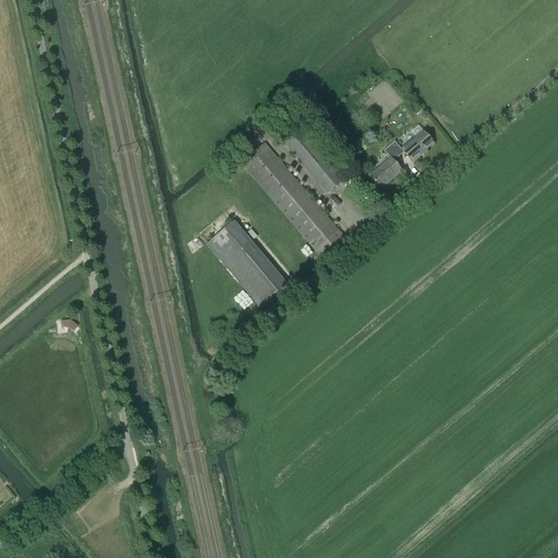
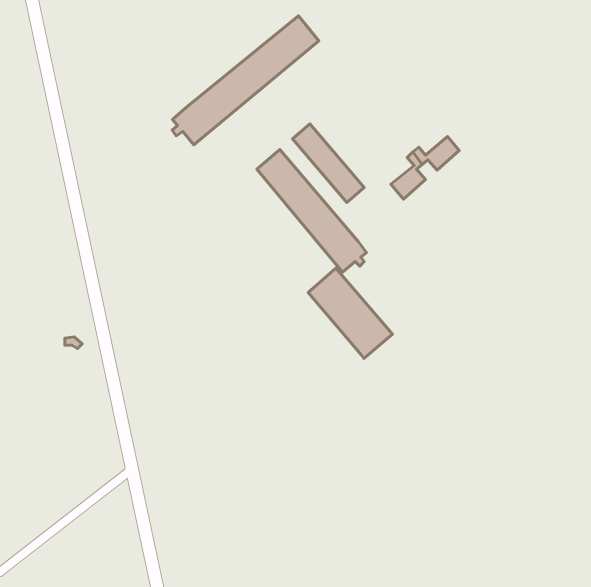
building: none -> [172,16,319,145]
building: [207,219,287,304] -> [308,268,393,359]

